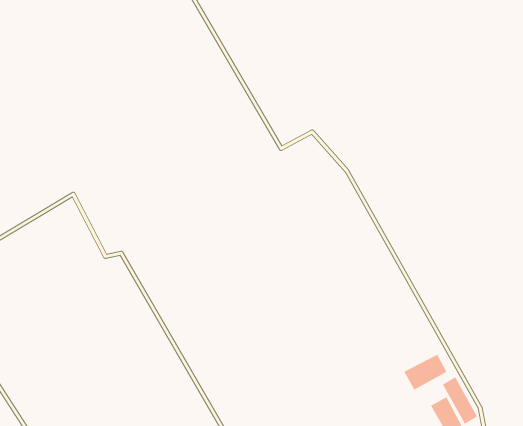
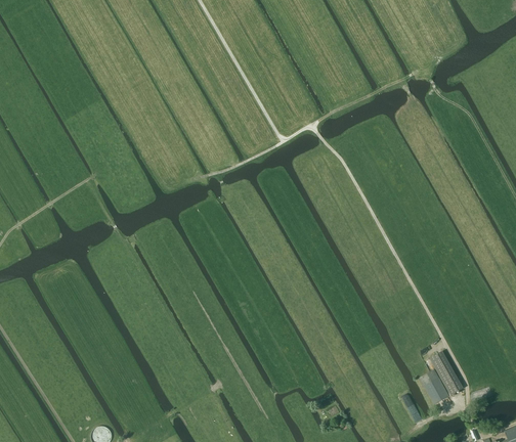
building: [403,354,447,390] -> none

